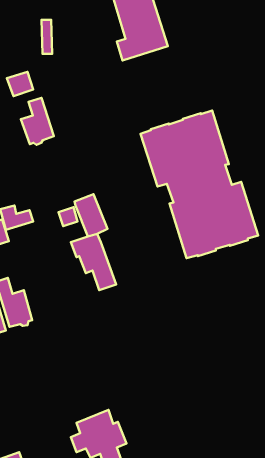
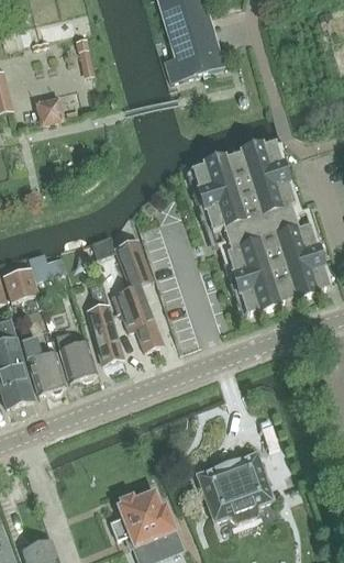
building: [21,98,54,145] -> none
building: none -> [87,282,123,365]
building: none -> [55,331,97,382]
building: none -> [196,451,273,522]

